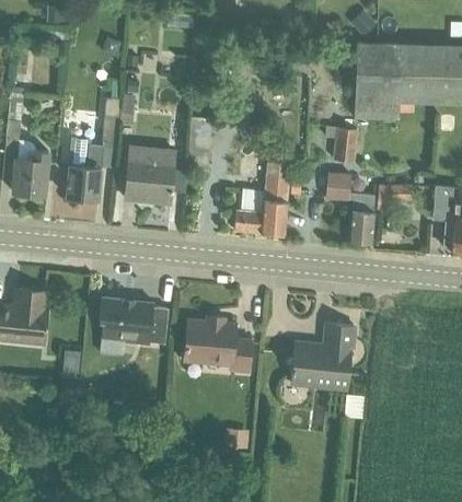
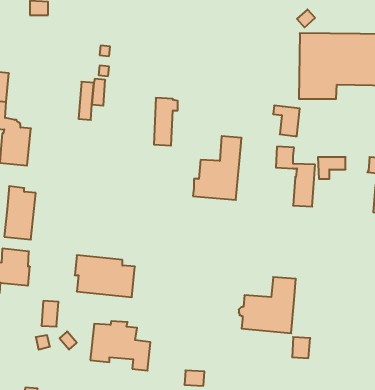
building: [67,139,103,200] -> [4,186,36,240]
building: [125,149,175,203] -> none
building: [183,317,252,374] -> [90,321,150,371]

